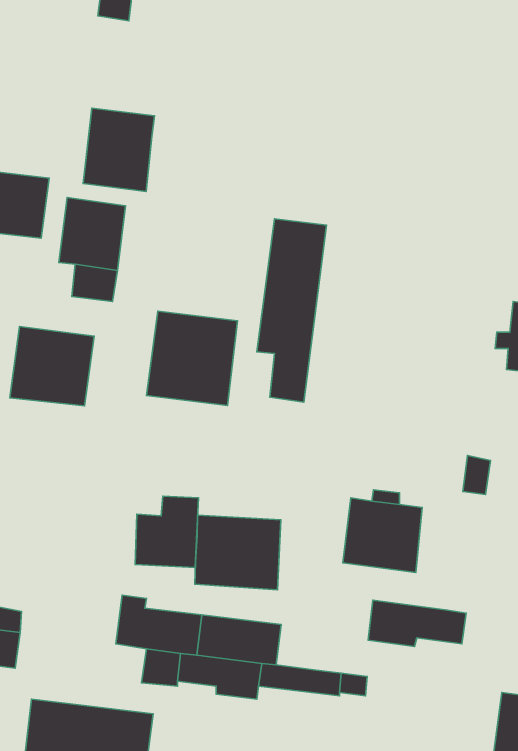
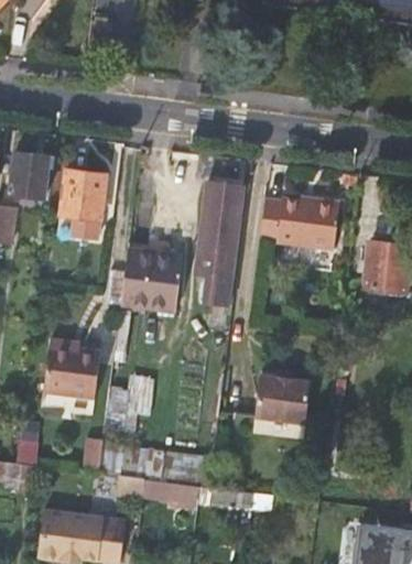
building: [83,108,155,191] -> none
building: none -> [259,197,338,249]
building: [10,326,94,406] -> [44,344,101,398]
building: [195,515,281,590] -> none
building: [368,600,466,647] -> none

